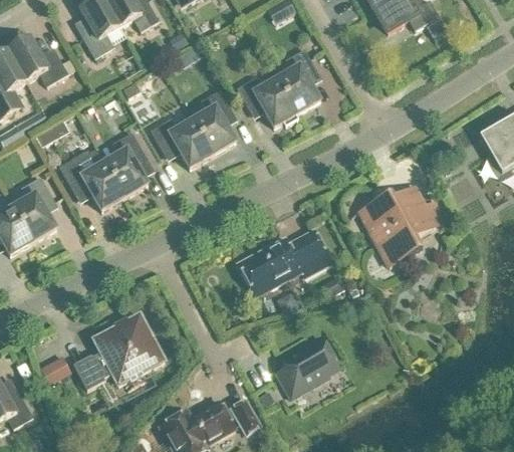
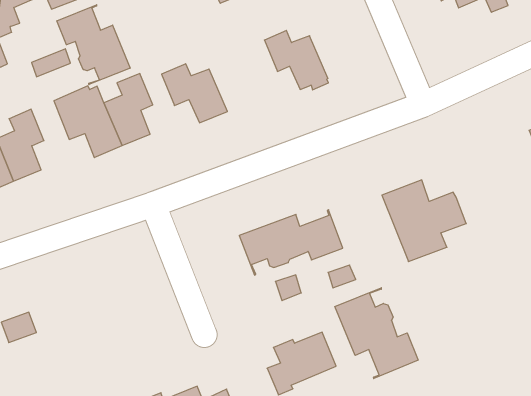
building: [276,48,320,114] -> none
building: none -> [57,5,130,85]
building: [192,89,236,155] -> none
building: none -> [335,288,418,379]
building: [73,313,165,390] -> none

